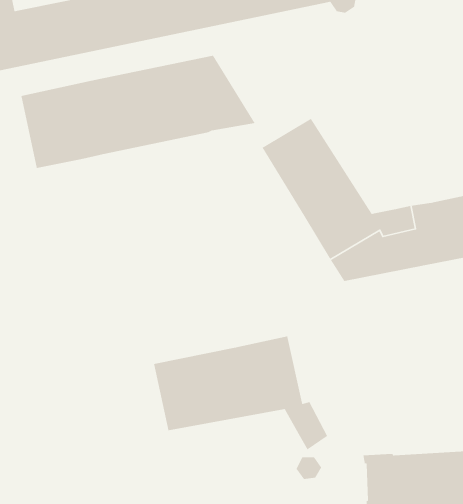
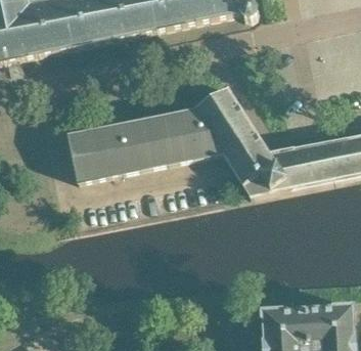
building: [20,55,256,169] -> [66,105,221,180]
building: [153,336,328,451] -> none

